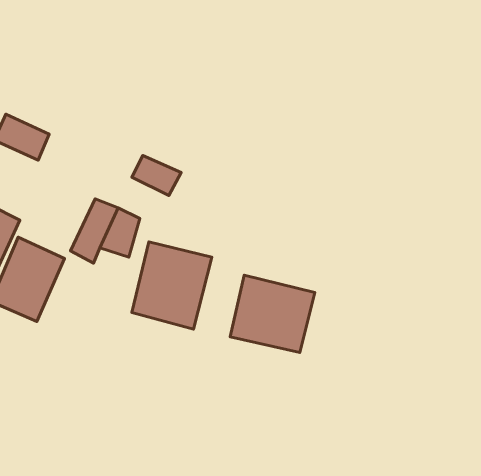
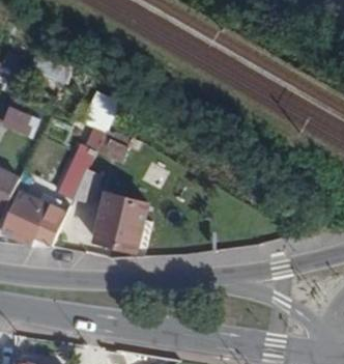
building: [230,275,315,352] -> none

